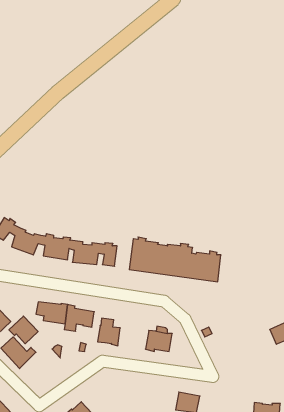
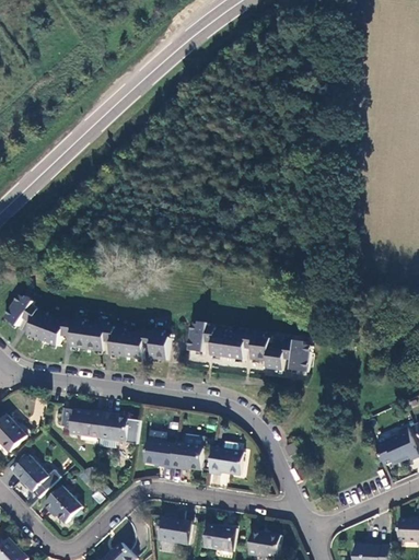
building: [9,316,38,344] -> [43,486,82,523]
building: none -> [171,442,203,469]
building: none -> [159,516,191,544]
building: none -> [205,524,236,550]

